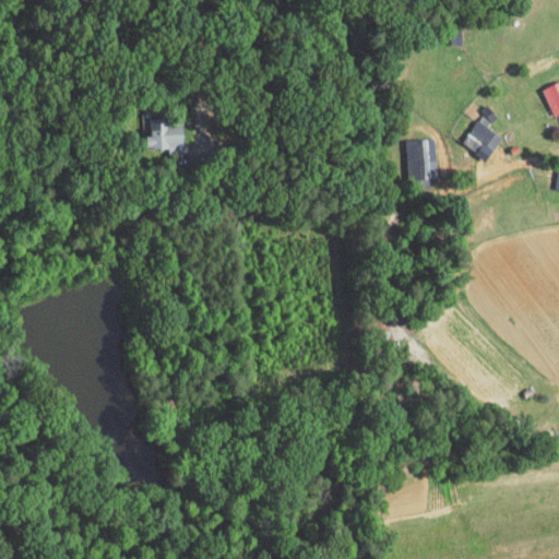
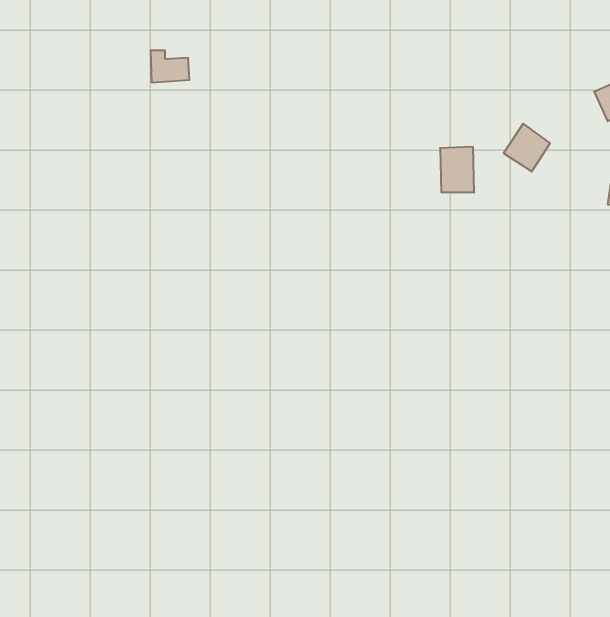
building: [148,119,183,147] -> [150,51,189,82]

